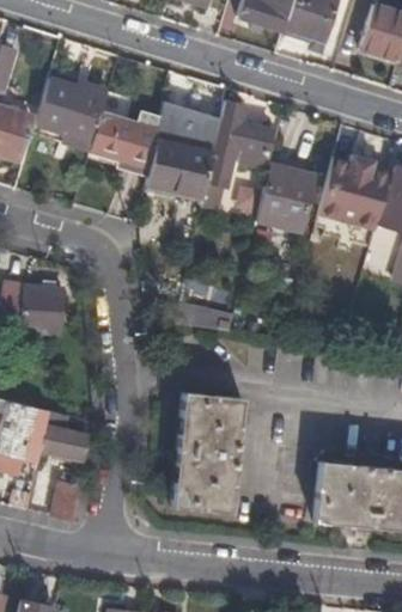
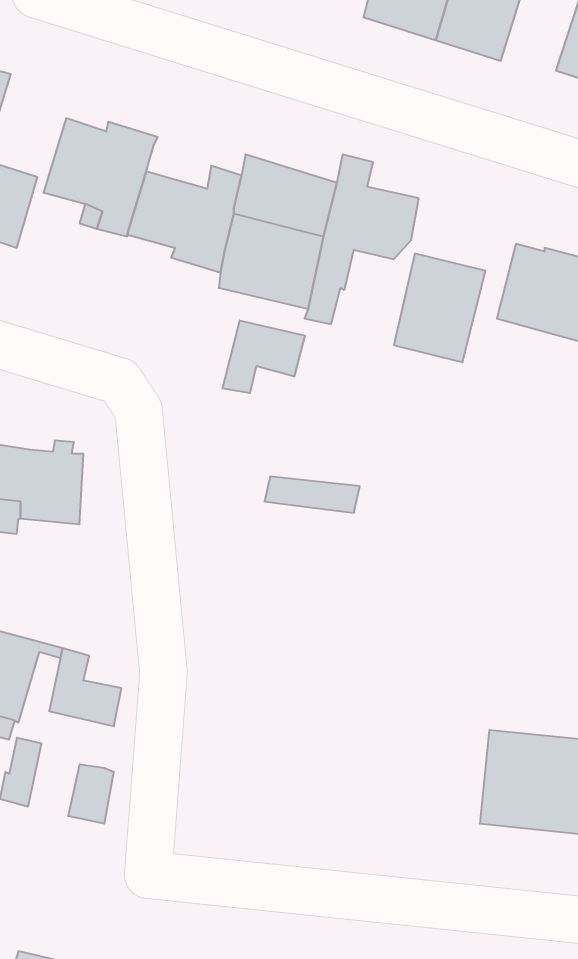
building: none -> [222,320,305,393]
building: [170,392,242,510] -> none

